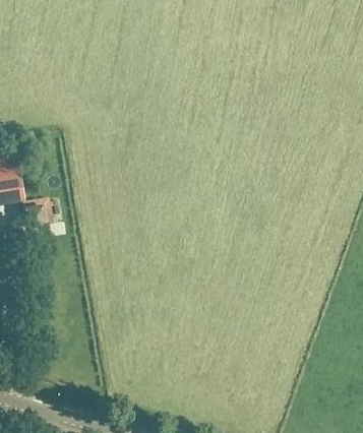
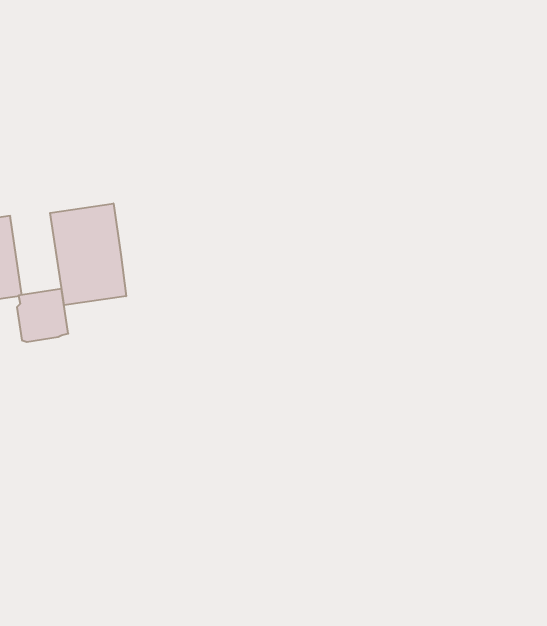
building: none -> [50,203,126,305]

